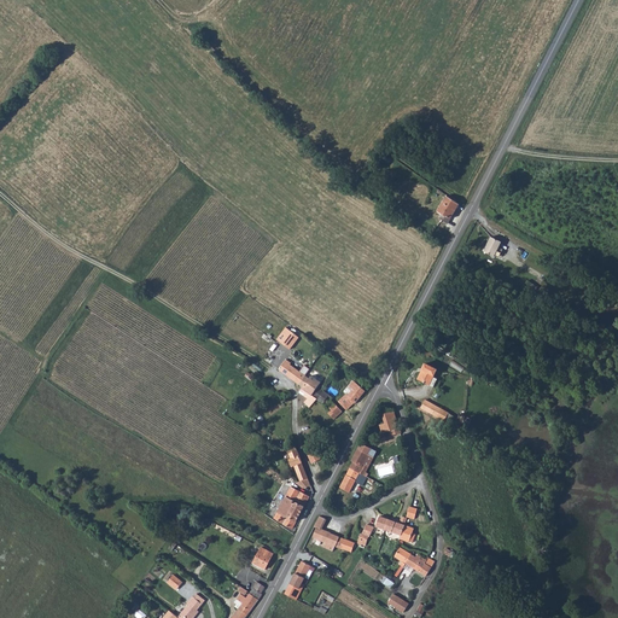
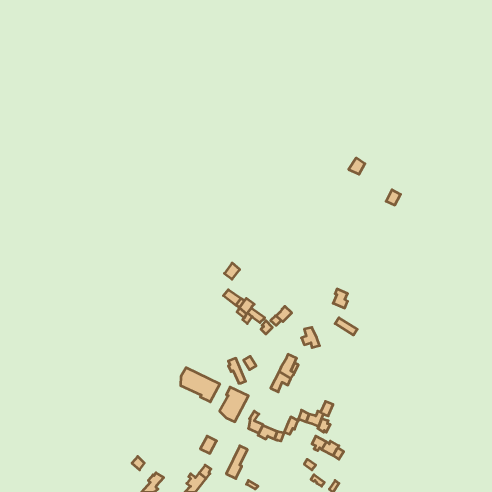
building: none -> [181,368,220,402]

